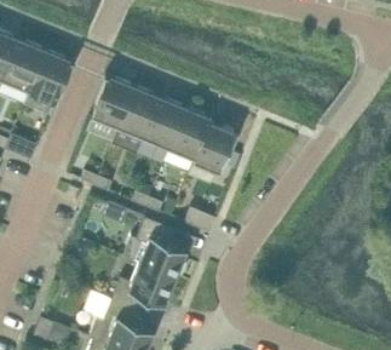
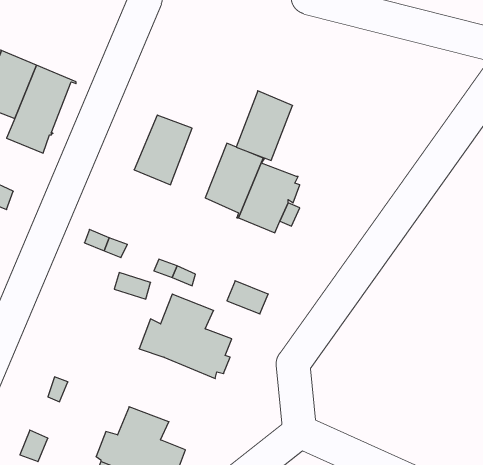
building: [92,75,136,127] -> none
building: [145,97,186,148] -> [236,91,293,160]
building: [115,264,178,311] -> none

